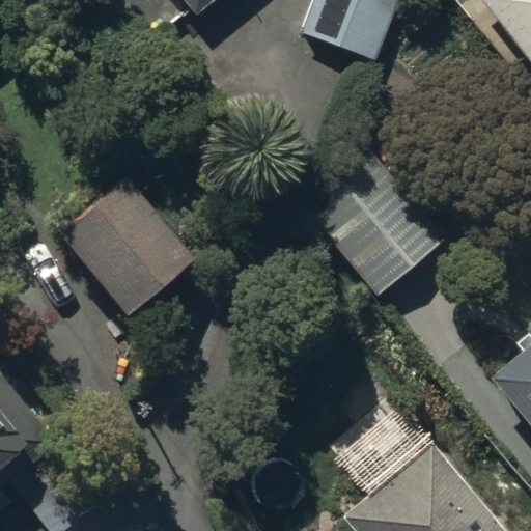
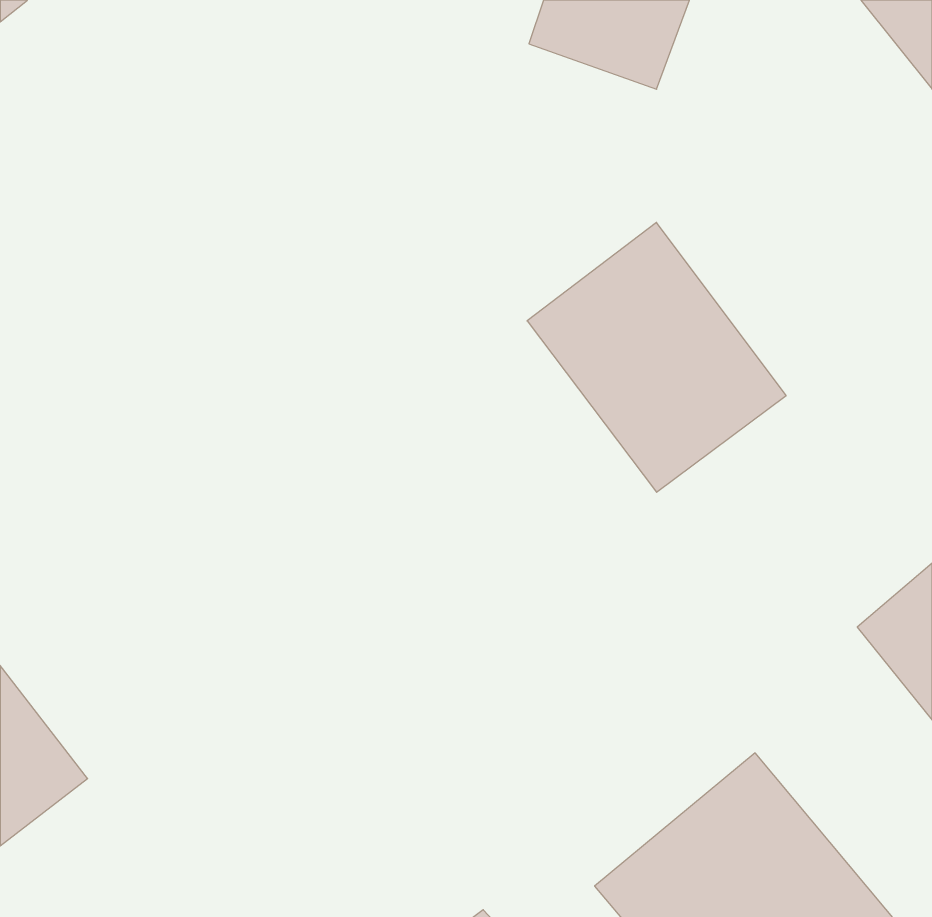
building: [57,180,198,320] -> none

